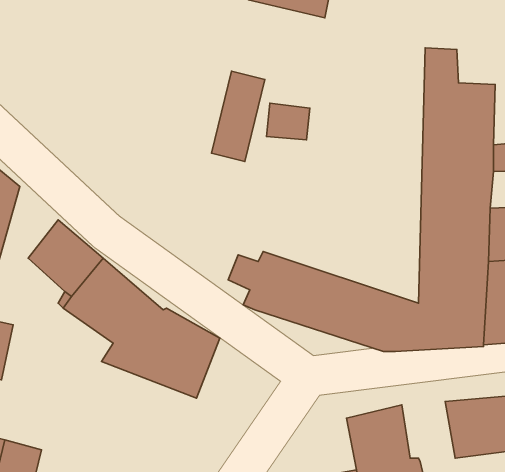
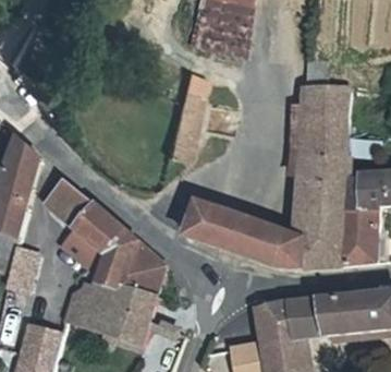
building: none -> [59,273,156,340]
building: none -> [290,299,325,338]

